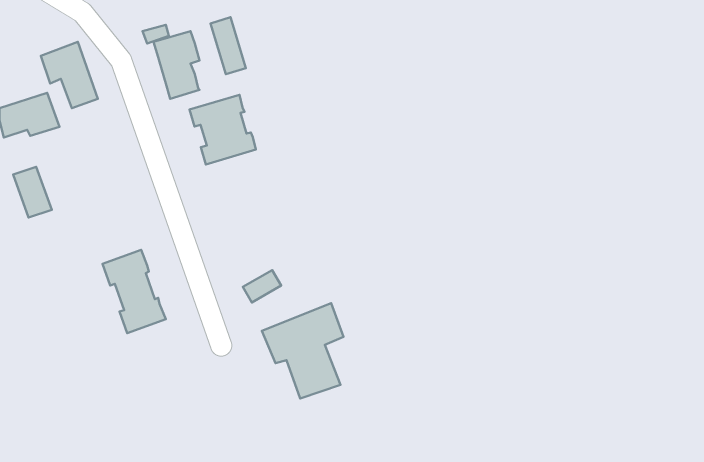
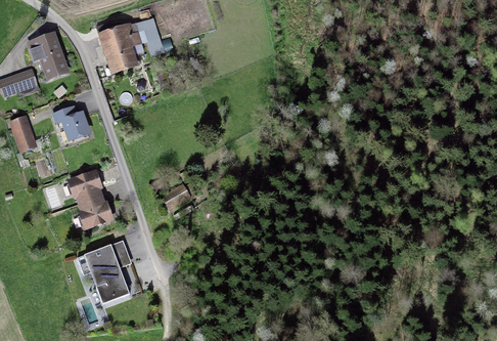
building: [190,95,256,164] -> none
building: none -> [49,108,88,138]
building: [262,303,343,399] -> [77,241,131,304]

